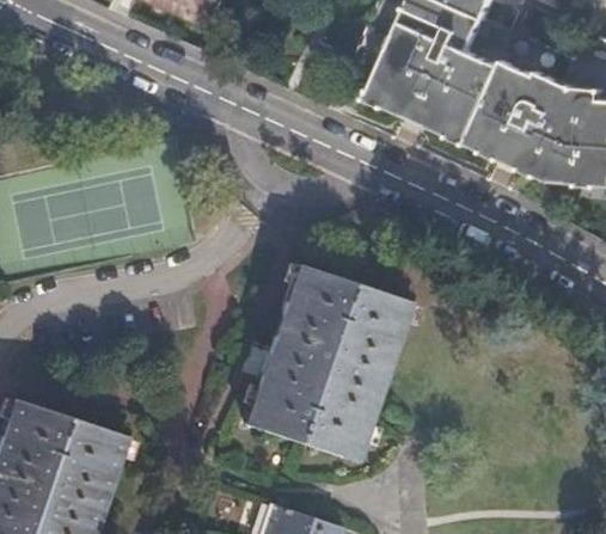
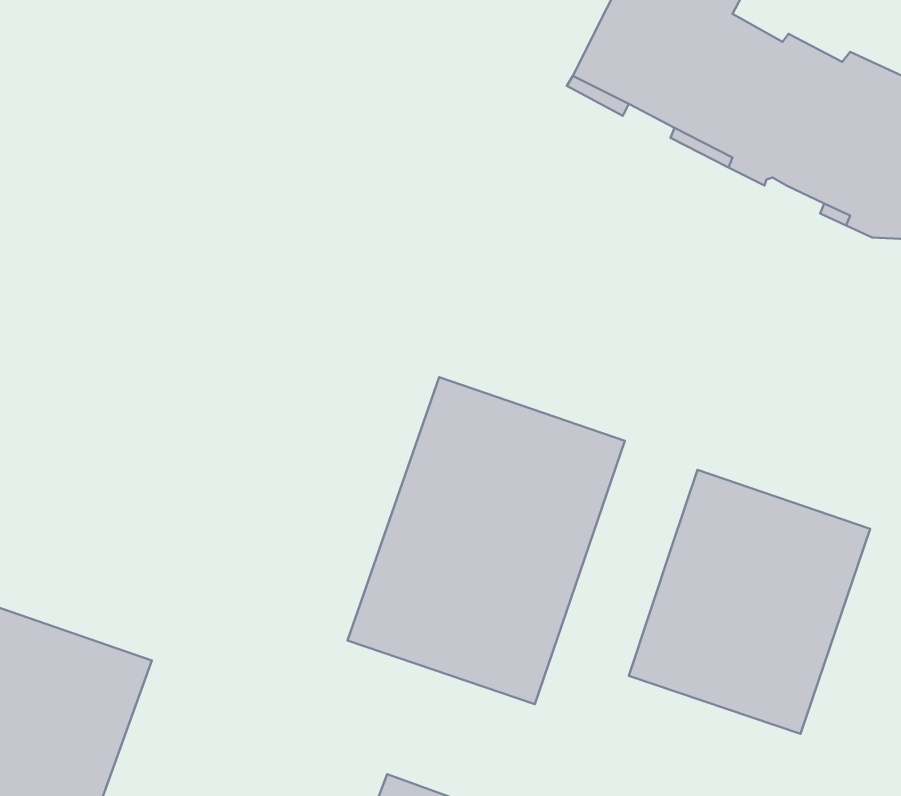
building: none -> [629,470,870,734]

